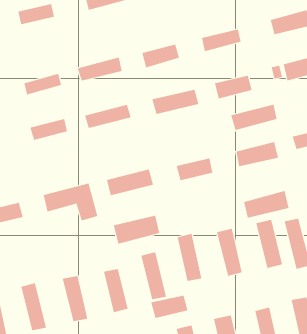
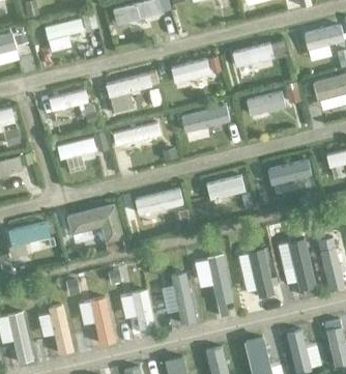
building: [231,104,277,131] -> none
building: [244,190,289,218] -> none
building: [113,215,160,244] -> none
building: [151,295,188,319] -> none

